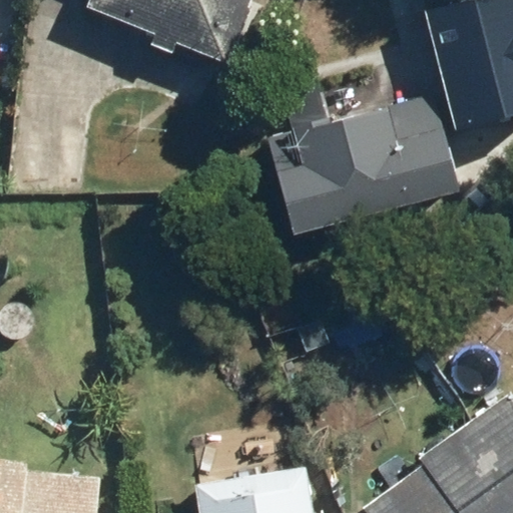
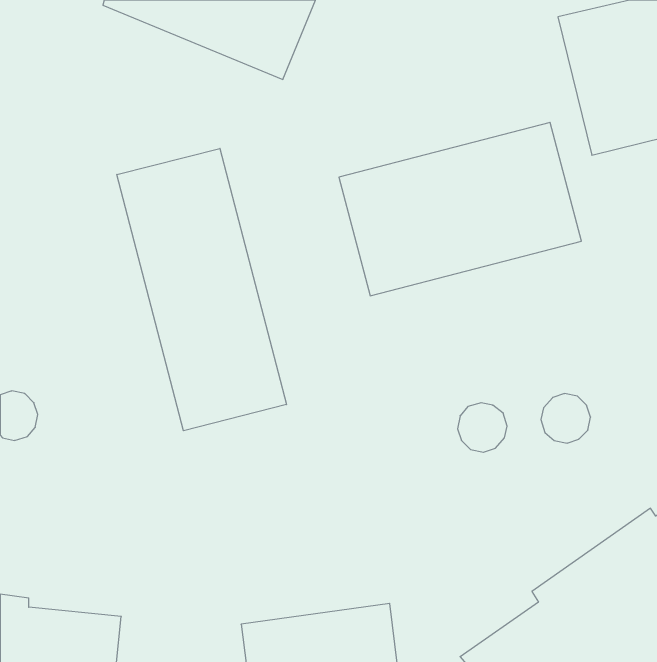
building: none -> [117,148,286,431]

